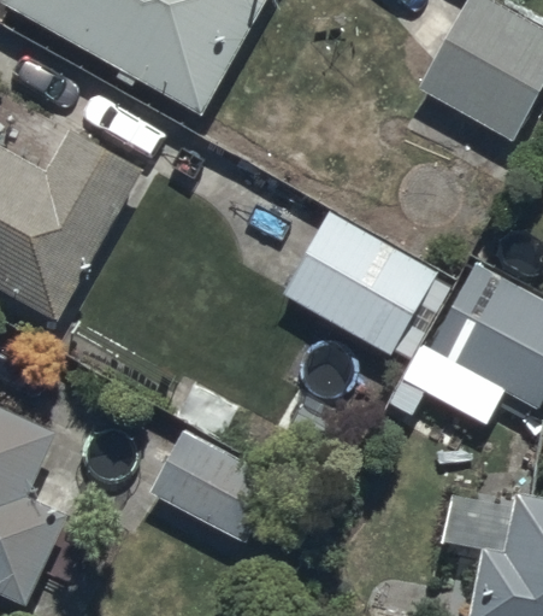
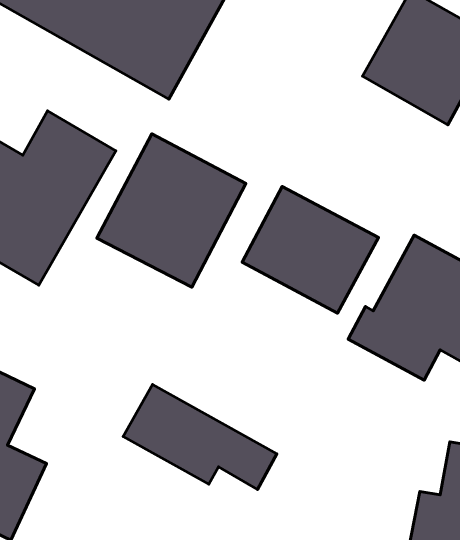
building: none -> [97,134,246,287]

